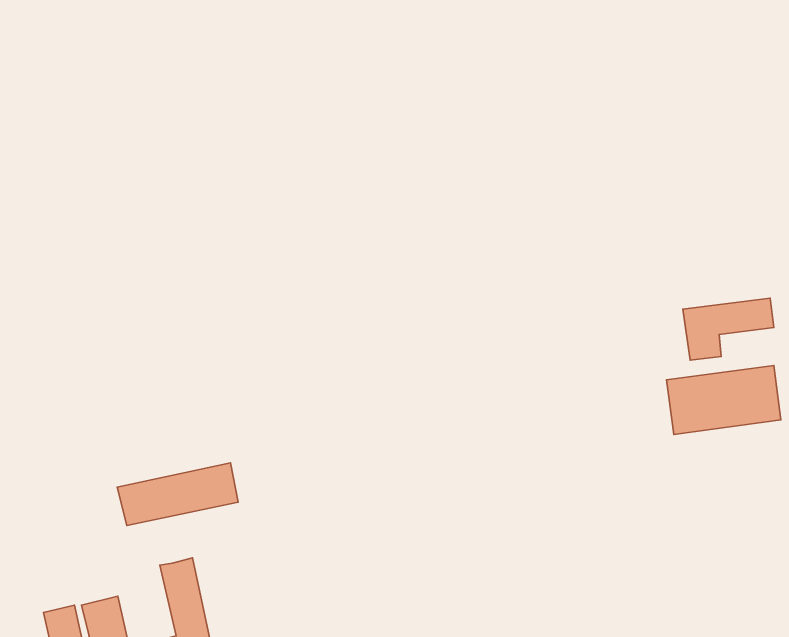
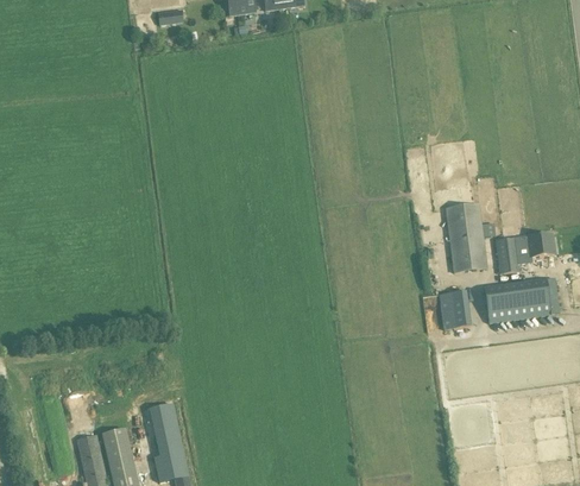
building: none -> [443,203,486,273]
building: none -> [447,289,469,327]
building: [117,463,238,525] -> none

